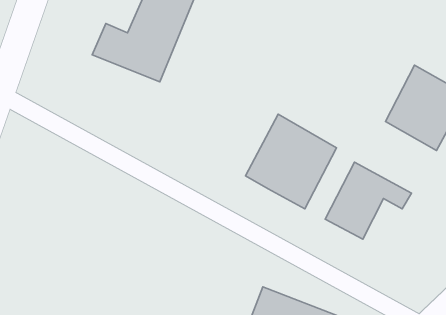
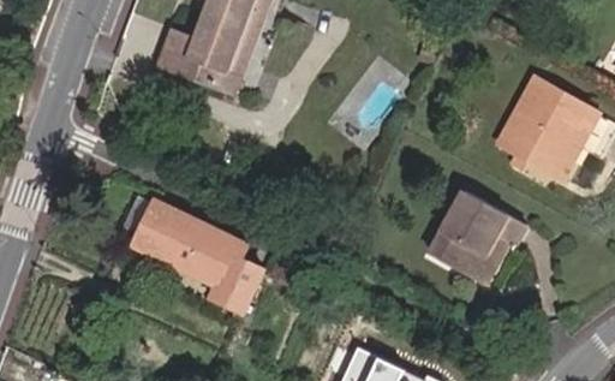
building: [245,114,337,209] -> none
building: none -> [132,196,261,305]

